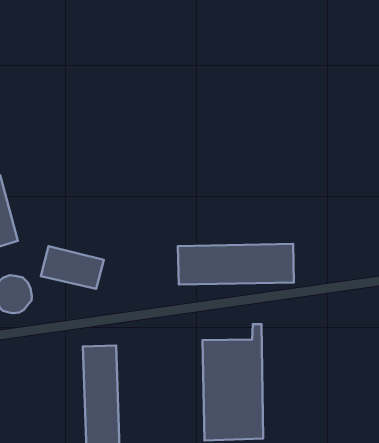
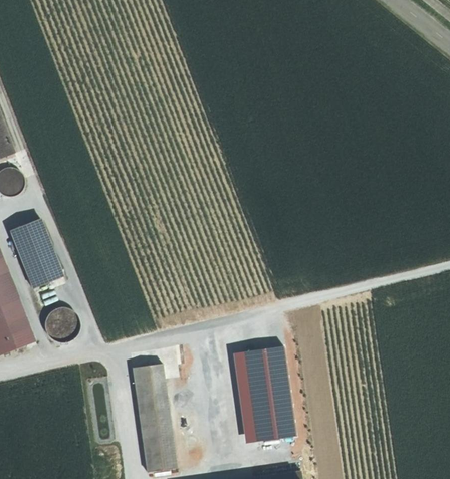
building: [178,244,294,285] -> none
building: [41,246,104,289] -> none

